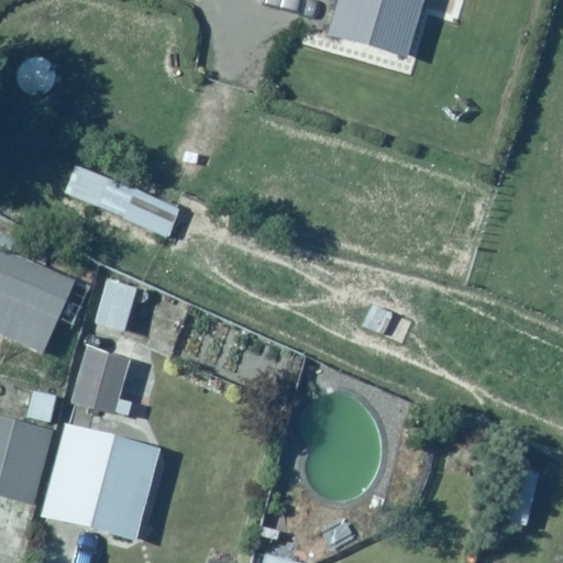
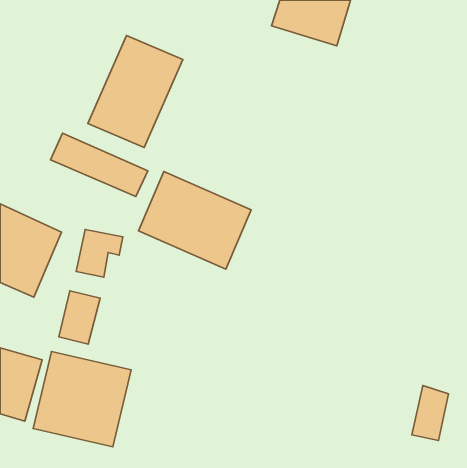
building: none -> [88,36,183,147]
building: none -> [138,171,251,269]

